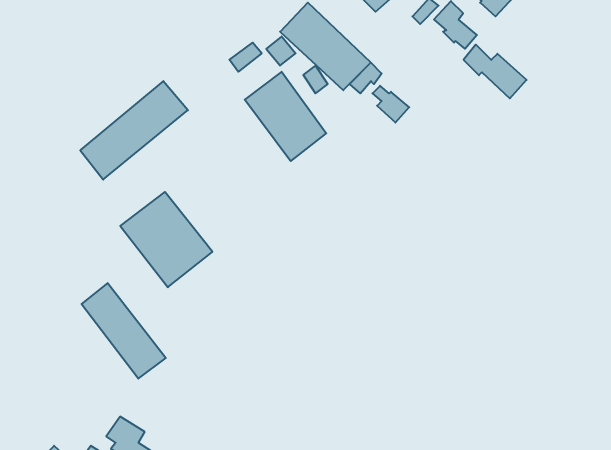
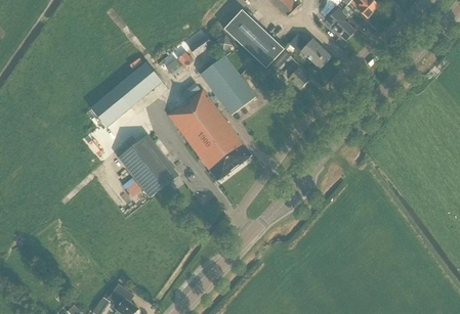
building: [464,45,527,98] -> [289,33,331,69]
building: none -> [168,91,252,181]
building: [82,283,166,379] -> none

